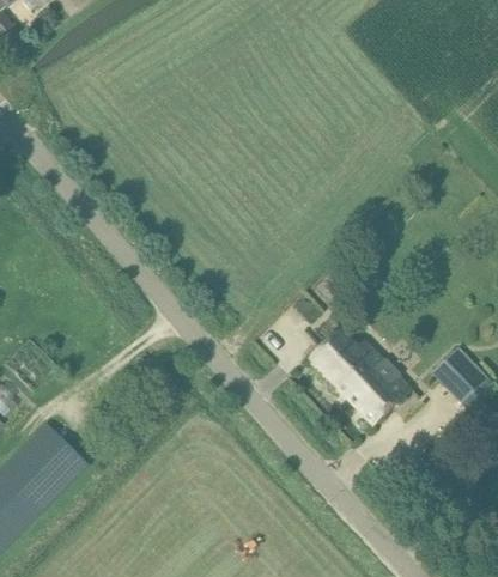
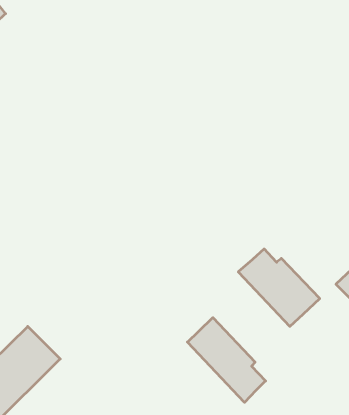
building: none -> [187,318,266,402]

